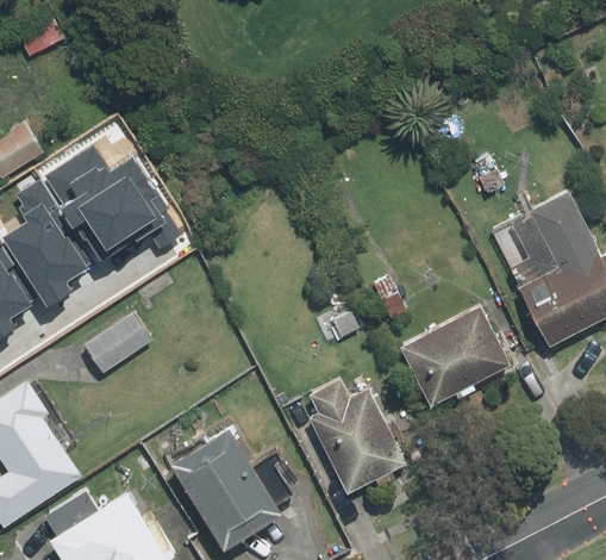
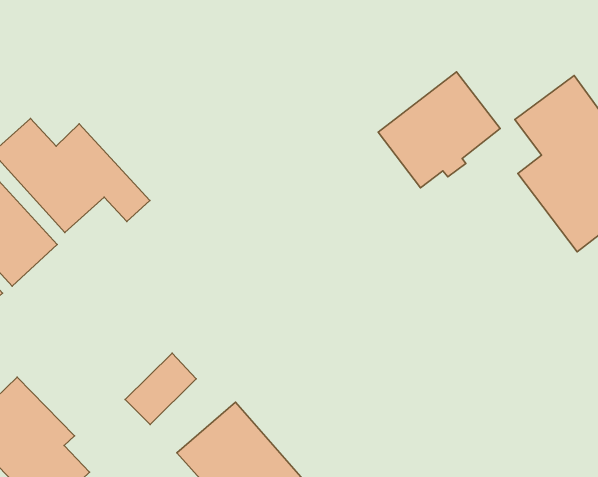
building: [402,305,512,404] -> [378,72,500,188]
building: [83,313,150,374] -> [125,353,196,425]
building: [310,379,410,494] -> none

